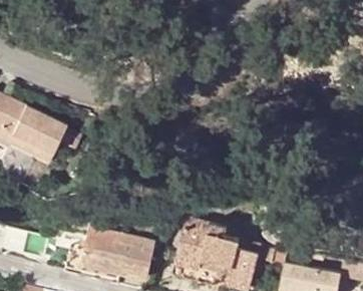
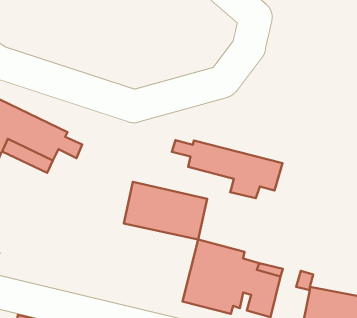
building: none -> [172,140,282,198]
building: [81,224,155,275] -> [124,182,207,239]

